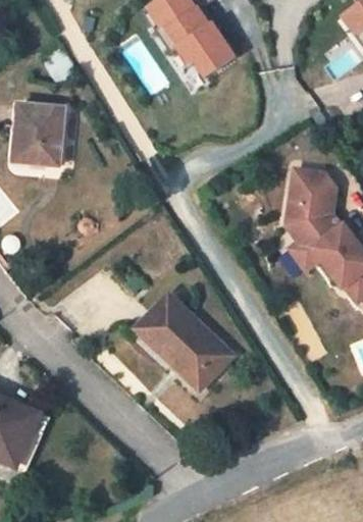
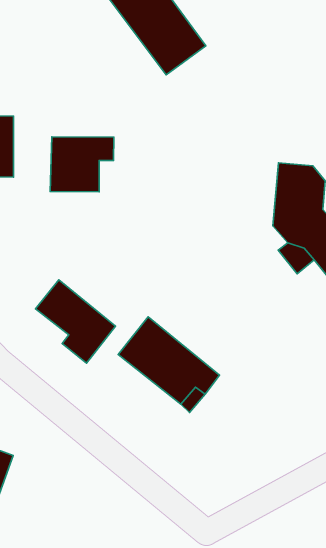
building: none -> [50,137,114,192]
building: none -> [36,280,115,363]

